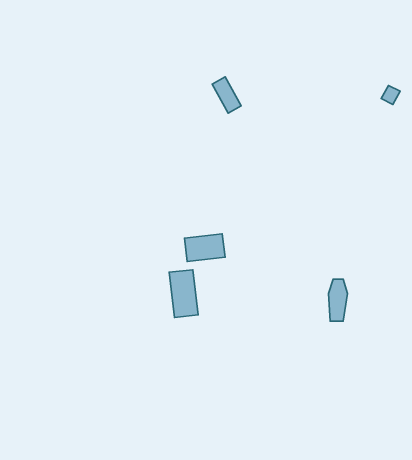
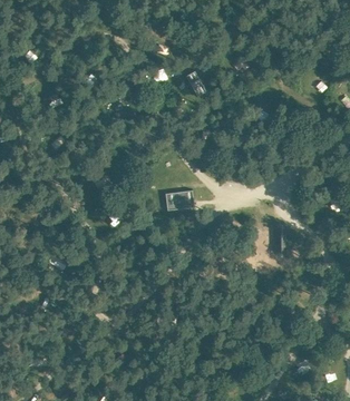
building: [169,270,198,317] -> none

